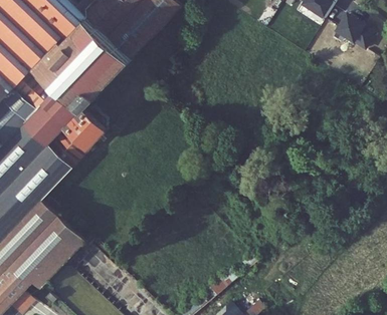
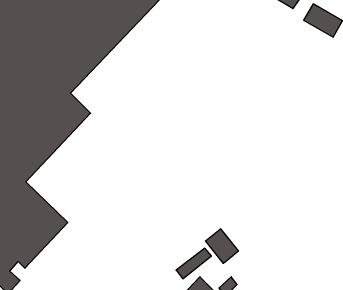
building: none -> [205,229,238,263]

